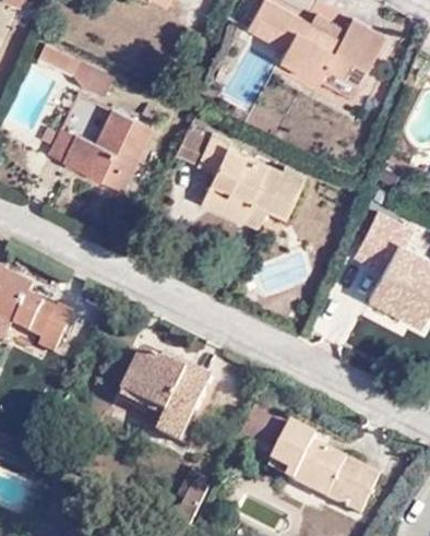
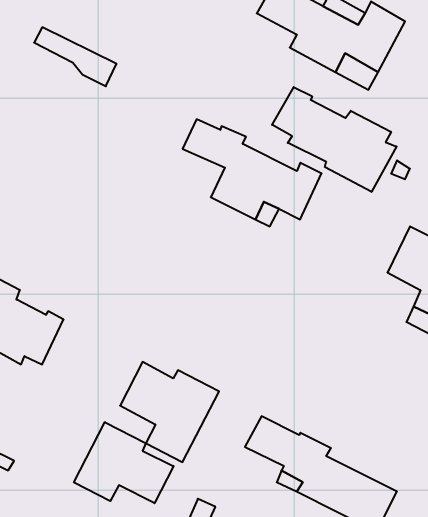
building: none -> [272,87,397,192]
building: [46,107,153,186] -> none
building: none -> [74,422,174,503]

